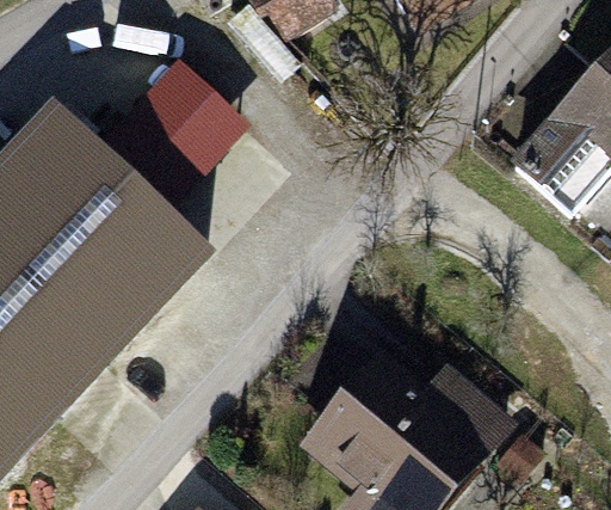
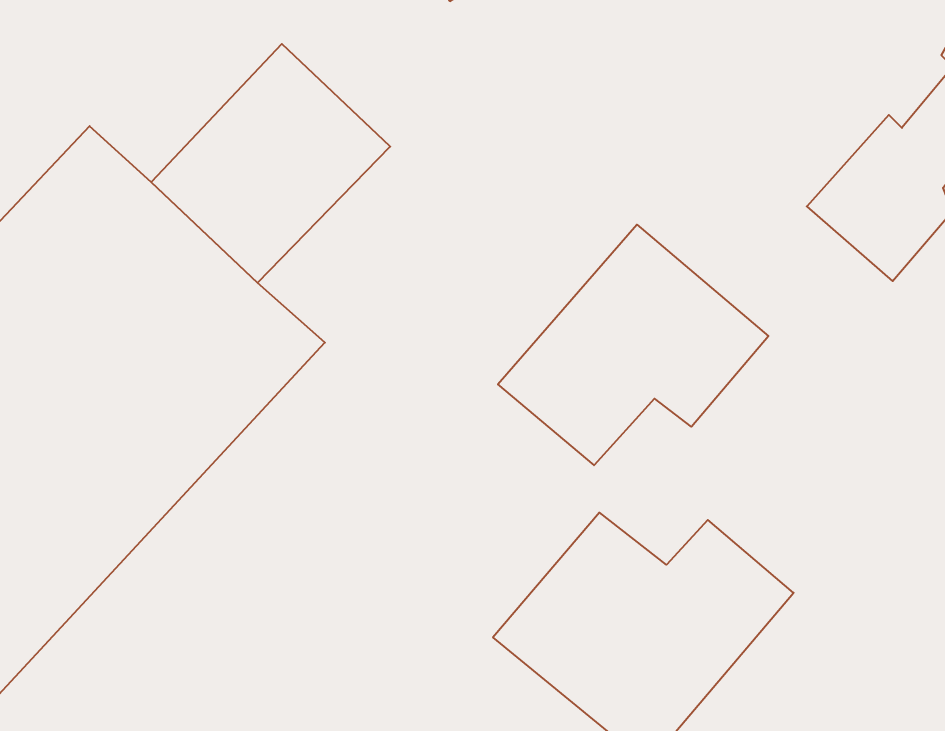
building: none -> [498,225,768,465]

